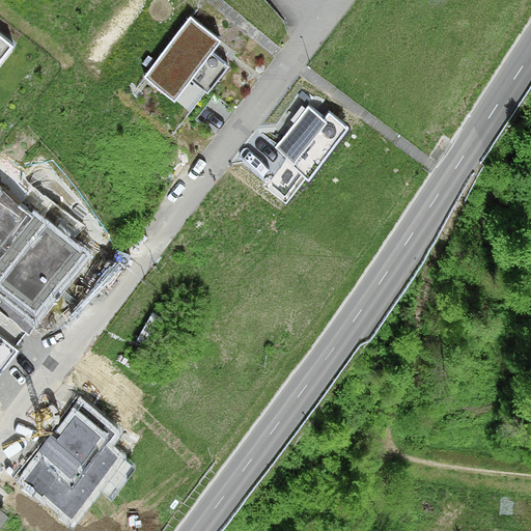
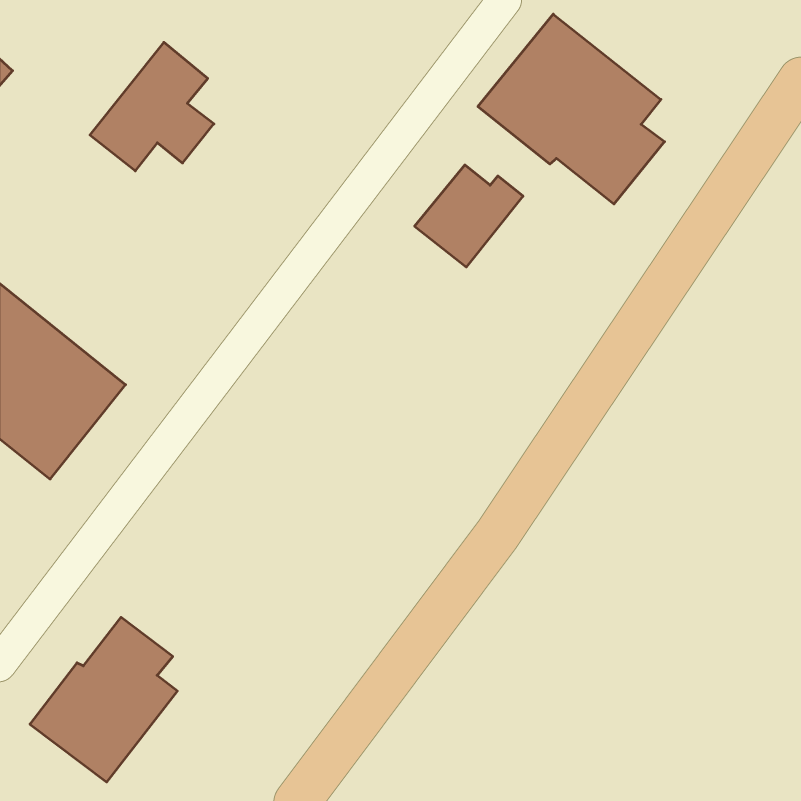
building: none -> [478,14,665,204]
building: [143,13,225,99] -> [90,42,214,171]

